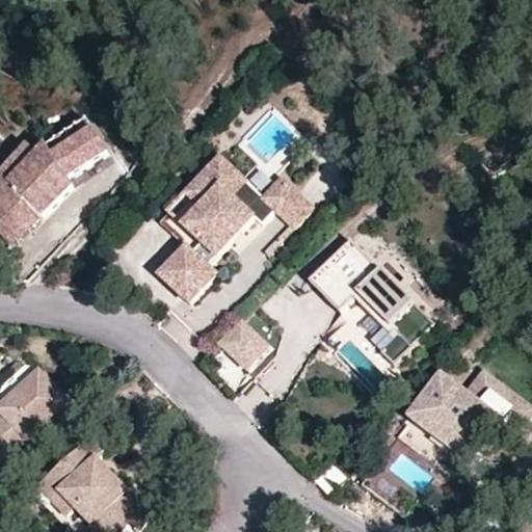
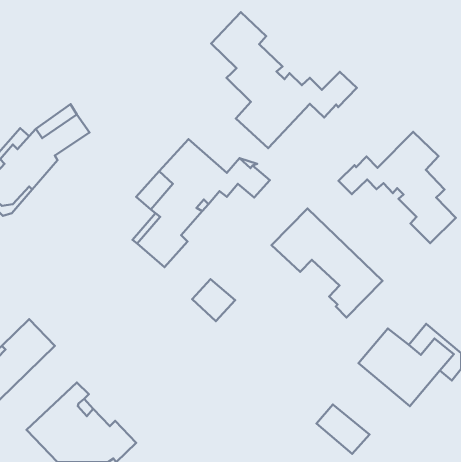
building: none -> [211,12,357,148]
building: none -> [338,132,456,243]

